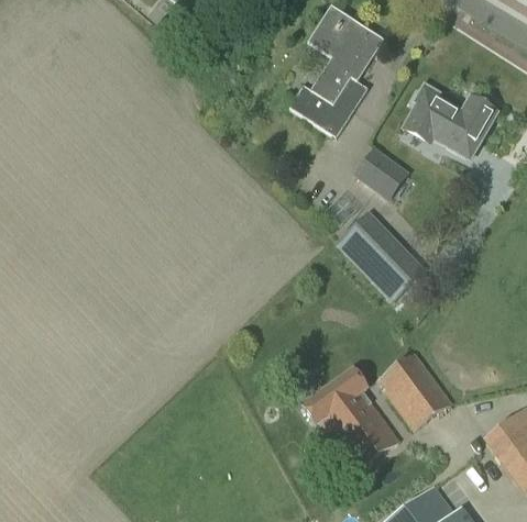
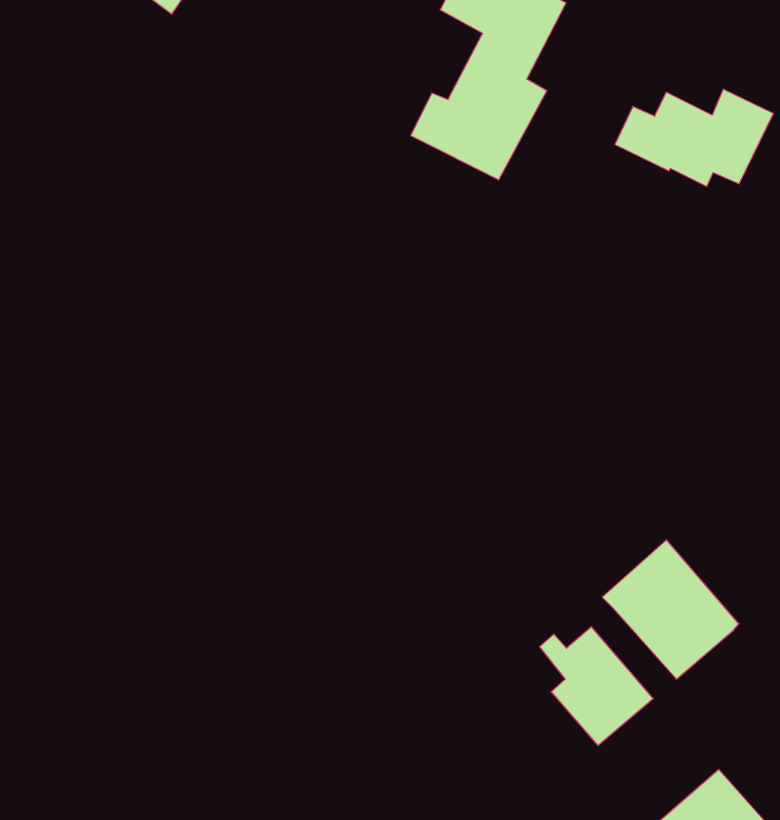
building: [353,146,405,197] -> none
building: [336,210,426,302] -> none
building: [301,367,367,437] -> none

